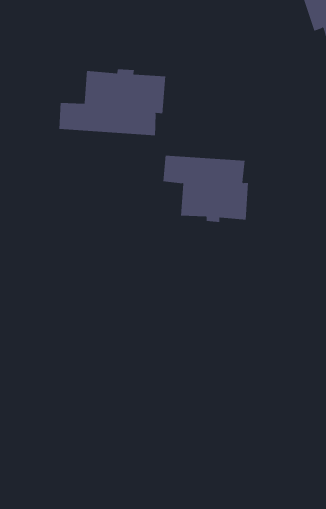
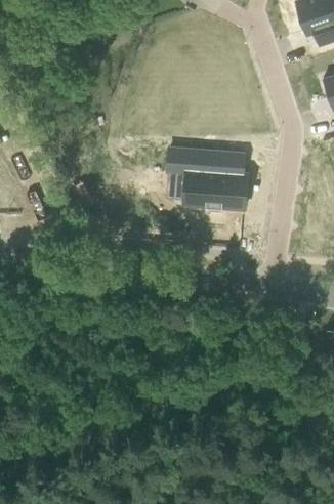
building: [59,68,166,136] -> none

